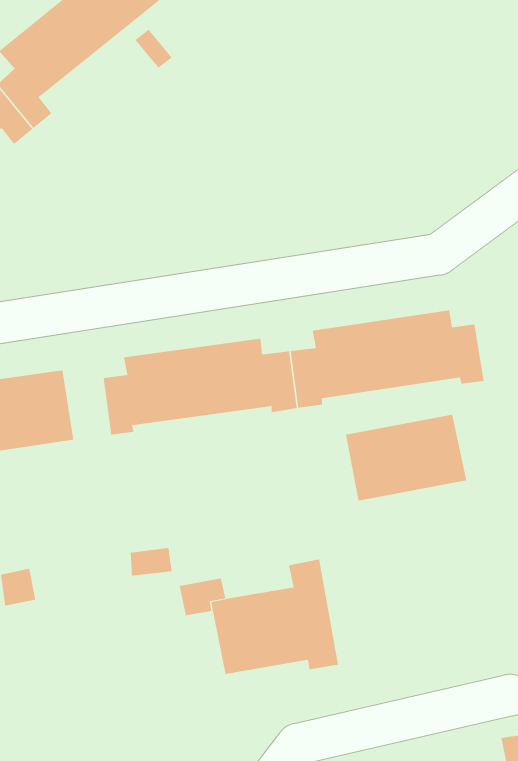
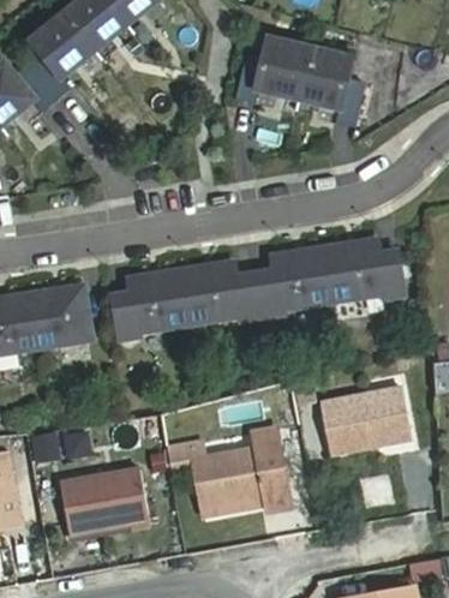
building: none -> [233,37,361,125]
building: [345,414,467,501] -> [319,388,412,454]
building: none -> [59,468,149,536]

